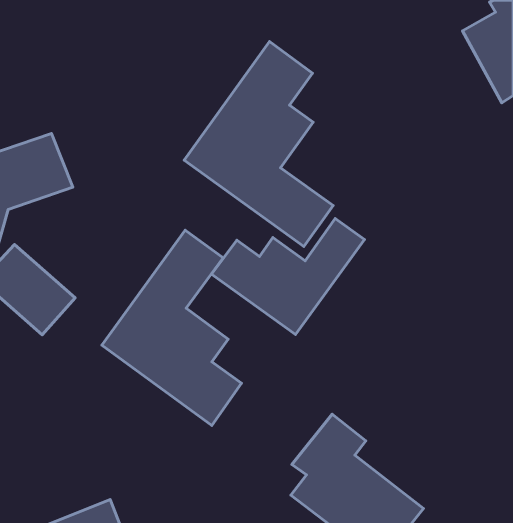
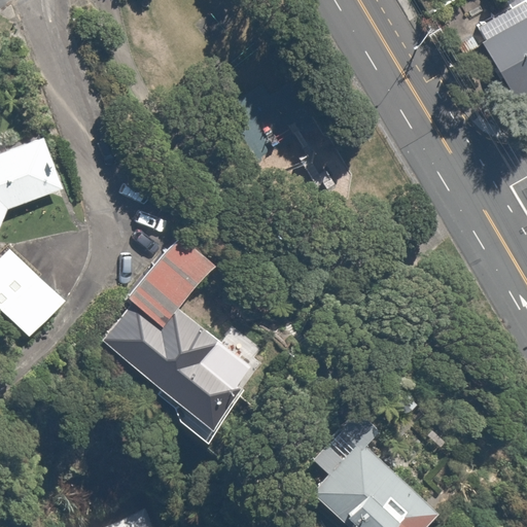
building: [184,41,333,246] -> none
building: [211,219,364,335] -> none

